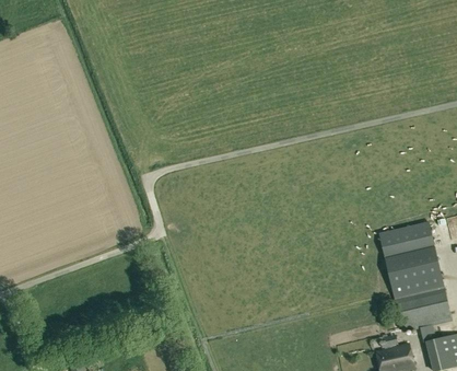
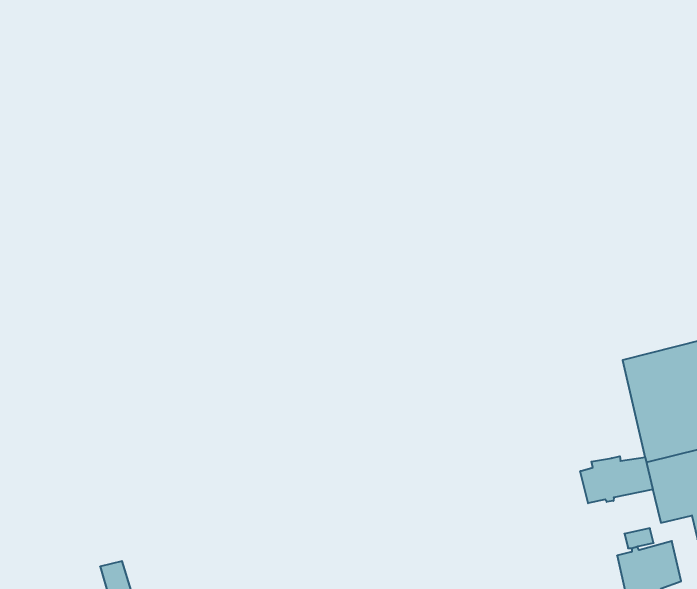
building: none -> [580,456,653,503]

